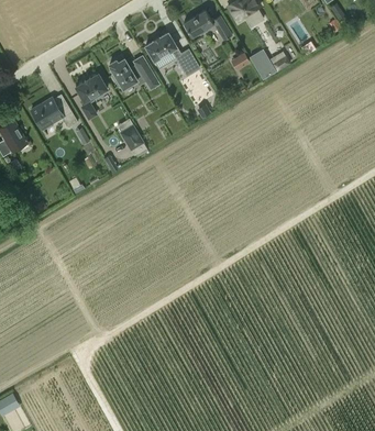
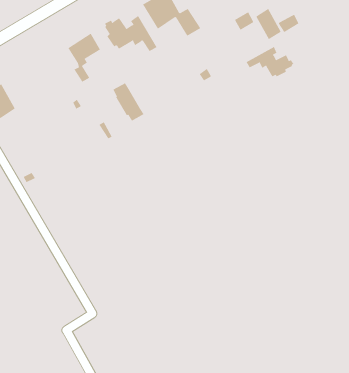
building: none -> [246,46,294,77]
building: [31,98,78,130] -> none

